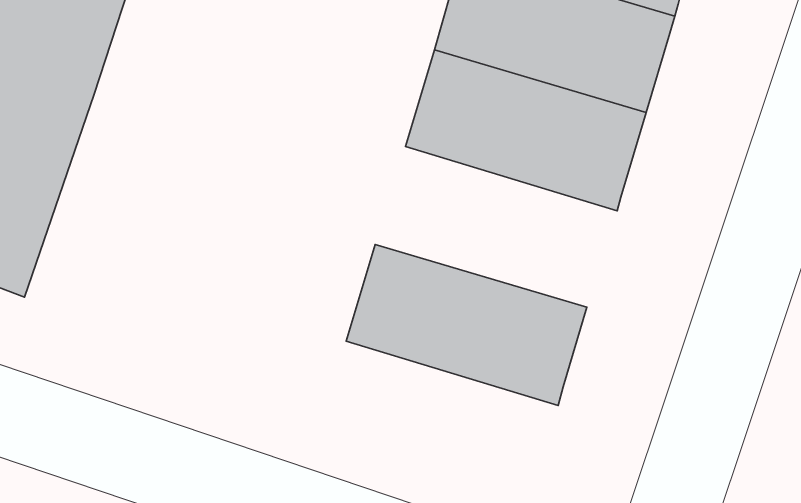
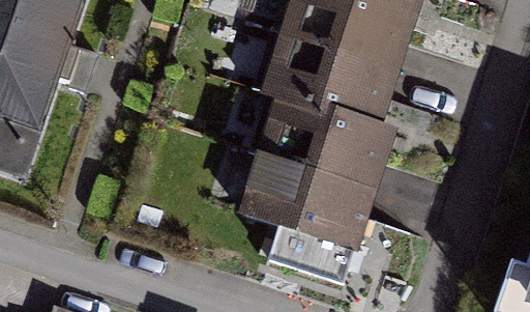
building: none -> [239,91,387,190]

